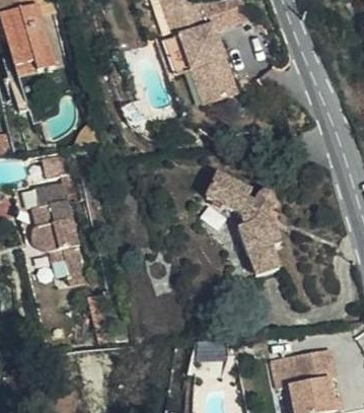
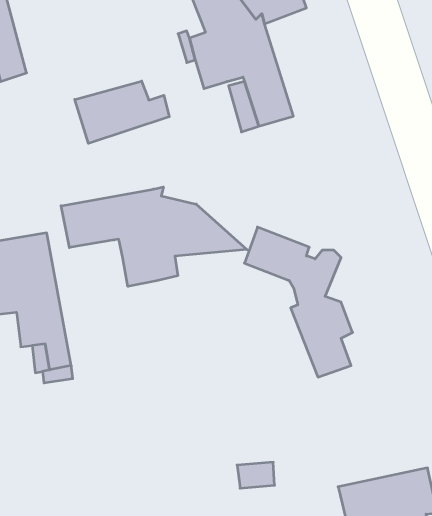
building: none -> [75,81,169,143]
building: none -> [61,187,247,286]

